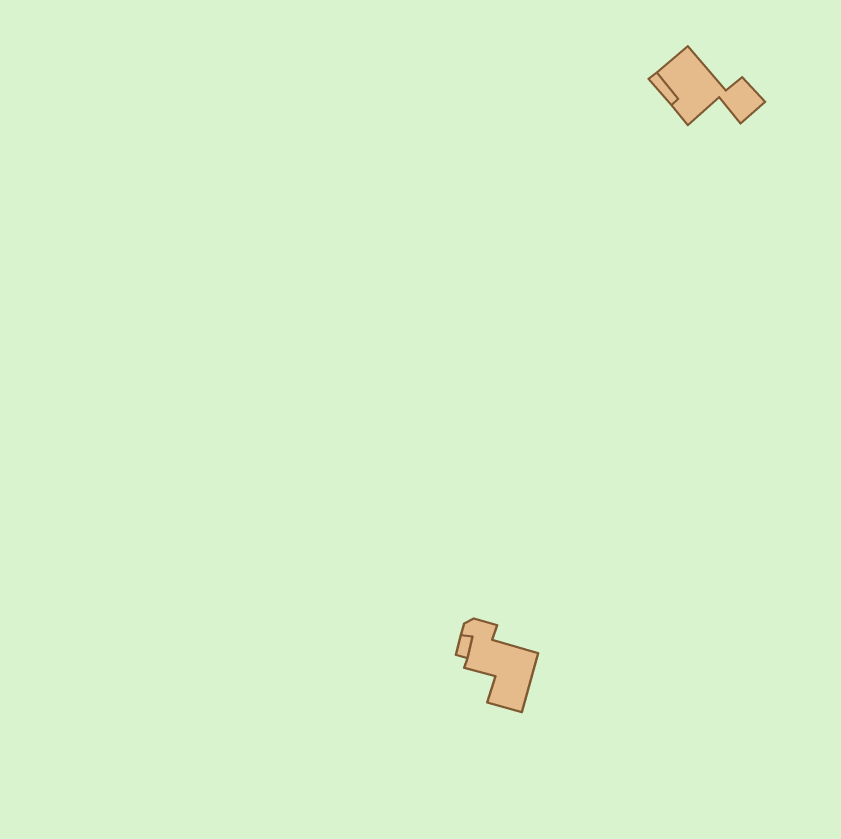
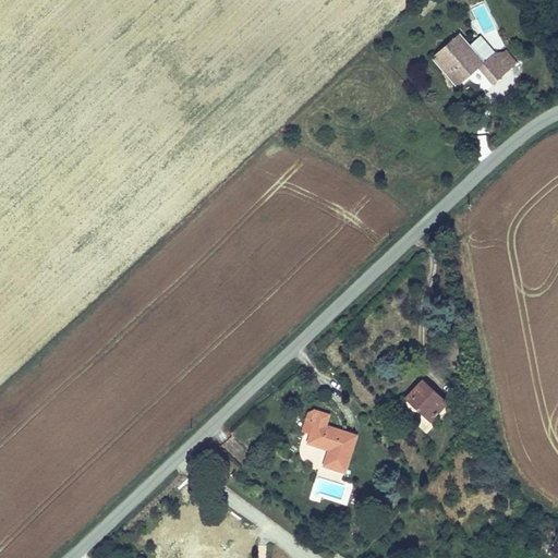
building: none -> [404,379,449,423]

